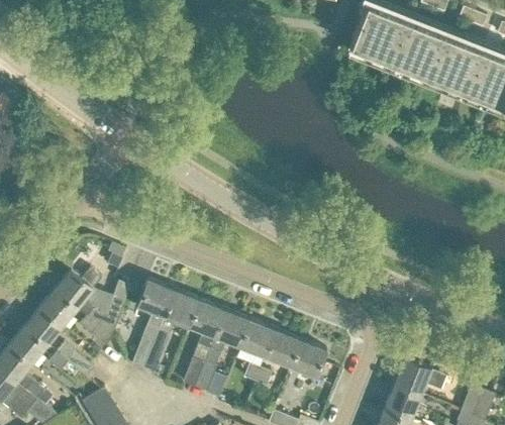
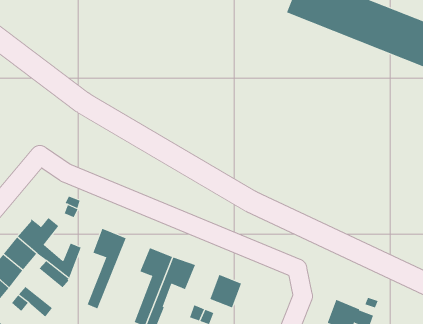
building: [143,291,200,373] -> none
building: [239,320,276,357] -> none
building: [291,340,325,377] -> none

